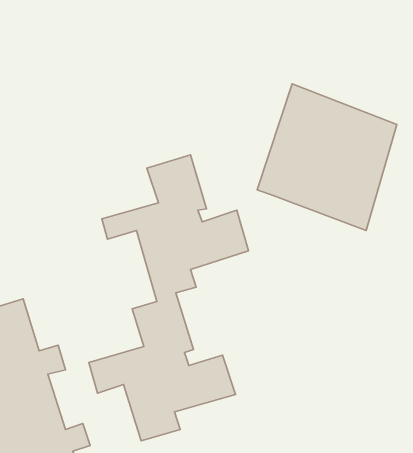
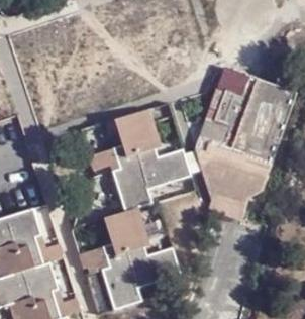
building: none -> [205,138,270,204]

